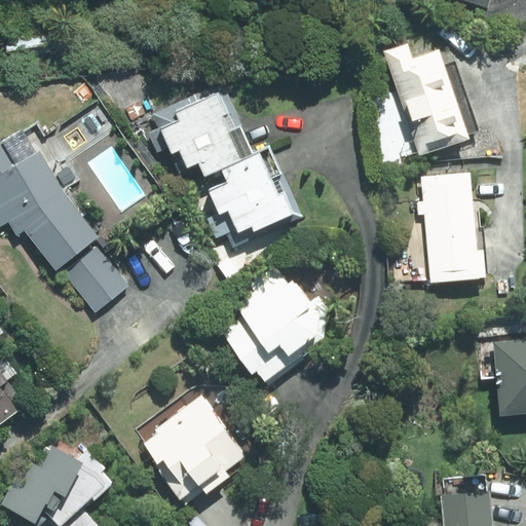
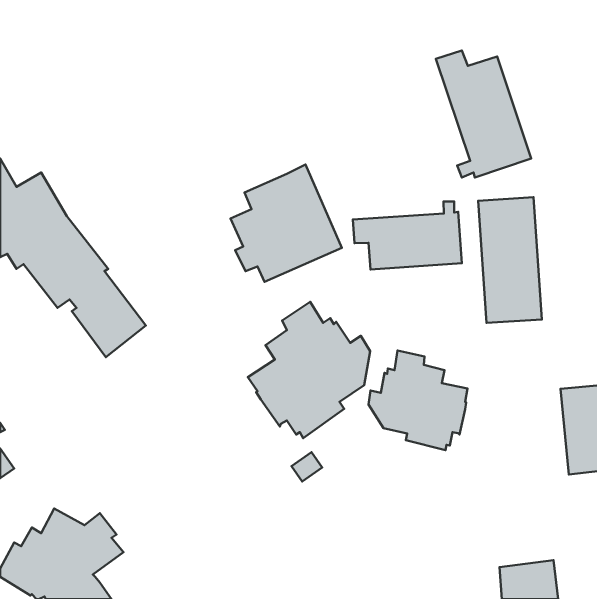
building: [150,84,254,175] -> none
building: none -> [353,202,462,269]
building: none -> [368,351,468,450]
building: [145,393,245,498] -> none

